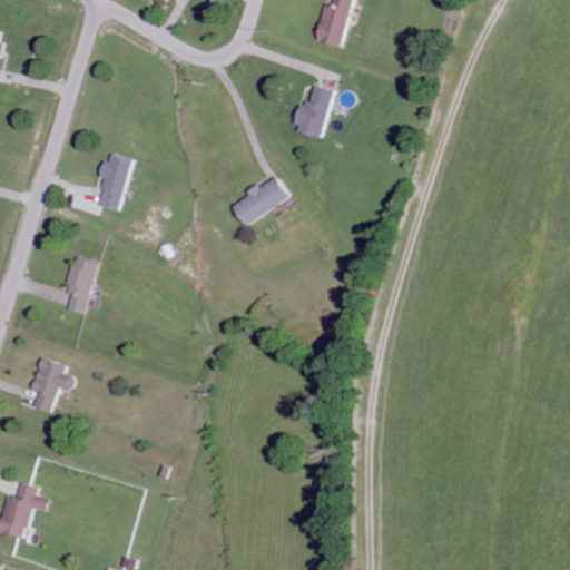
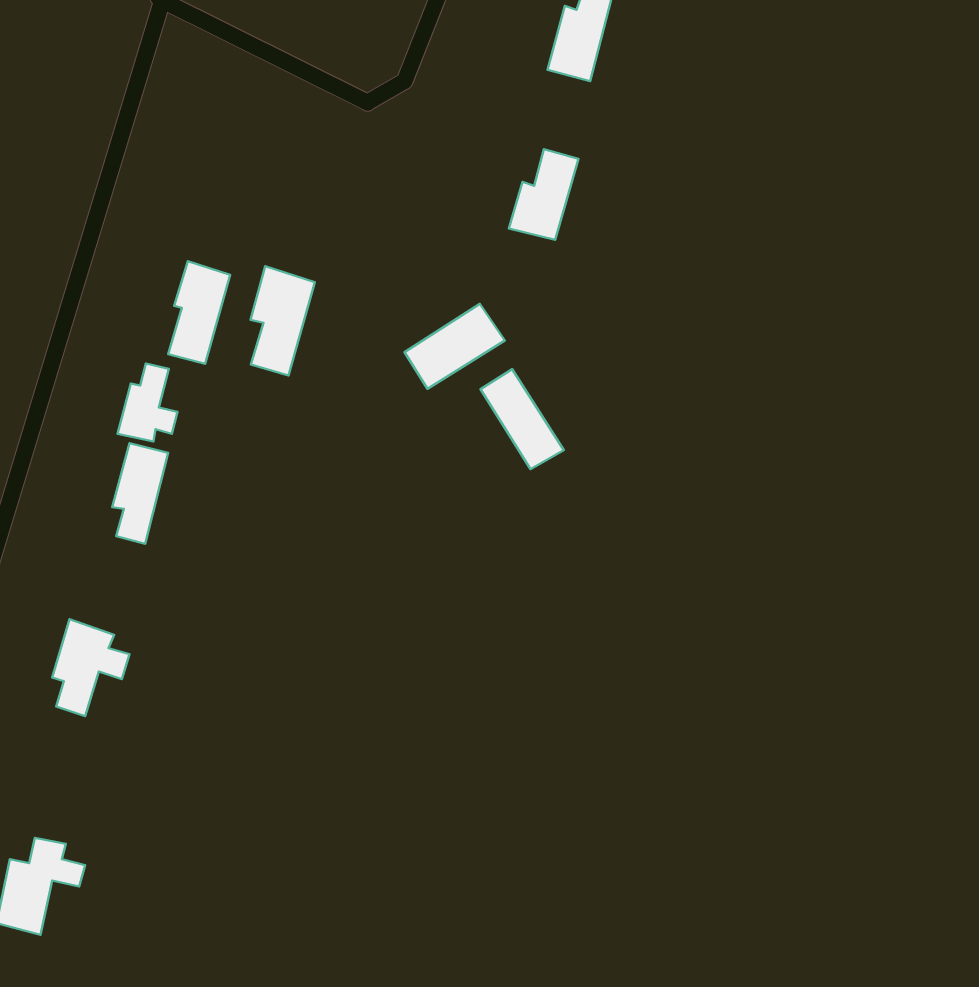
building: none -> [250,266,315,375]
building: none -> [118,364,177,442]
building: none -> [480,369,564,469]

